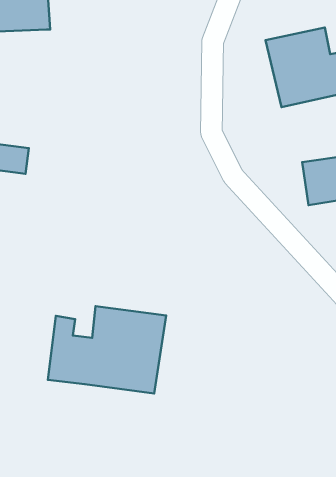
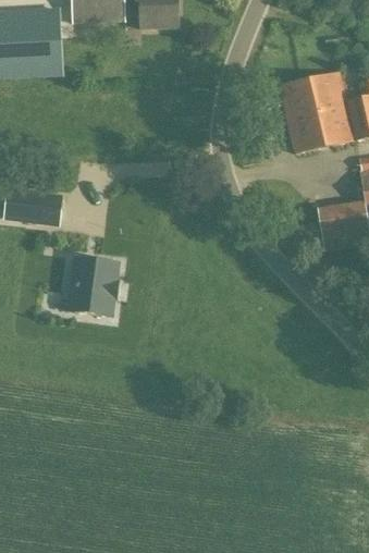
building: none -> [69,257,119,316]
building: [48,306,166,394] -> none

